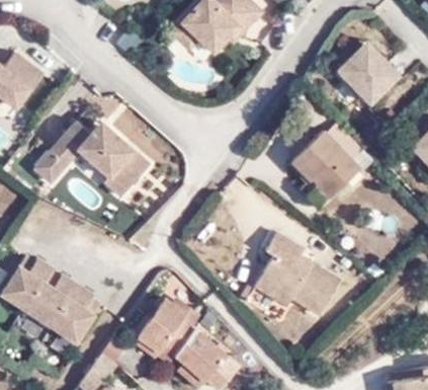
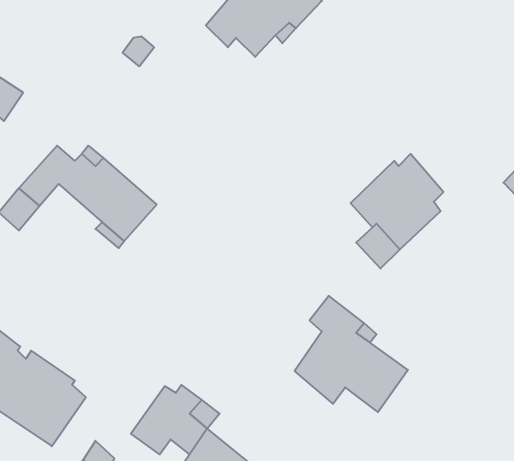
building: [339,42,401,104] -> none

